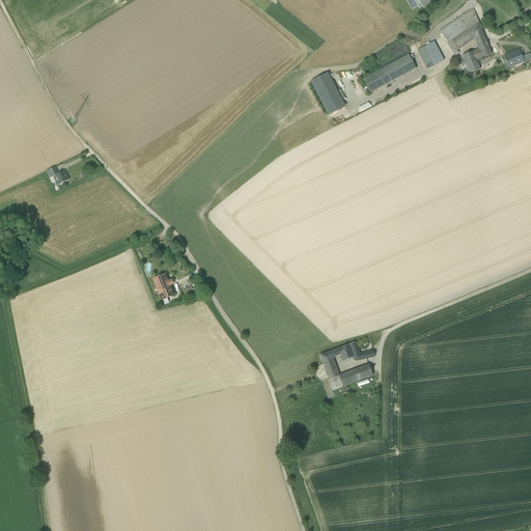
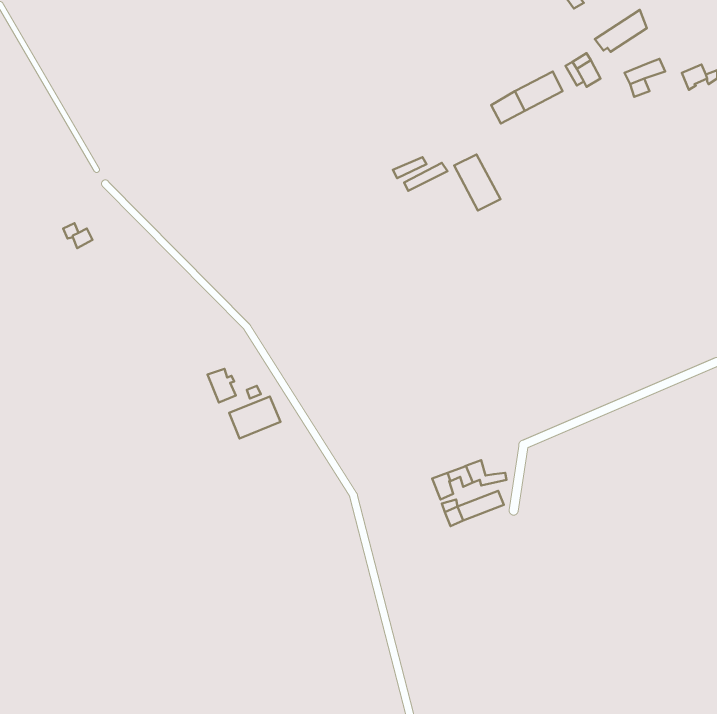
building: [447,21,486,54] -> none
building: [311,72,345,113] -> [454,154,500,210]
building: none -> [229,397,280,438]

